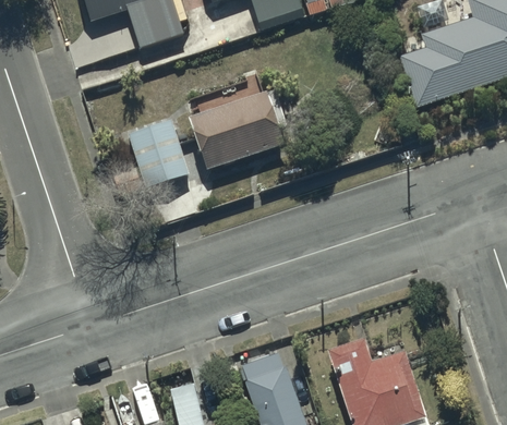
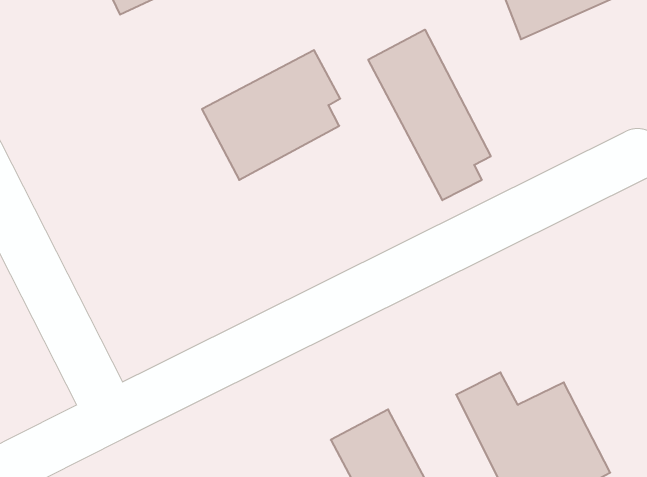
building: none -> [368,30,491,200]
building: [125,119,186,189] -> none

